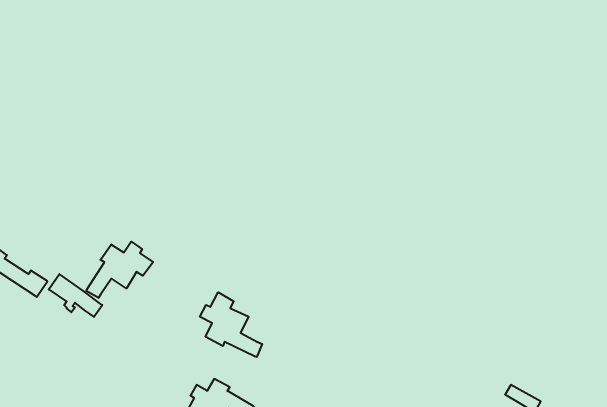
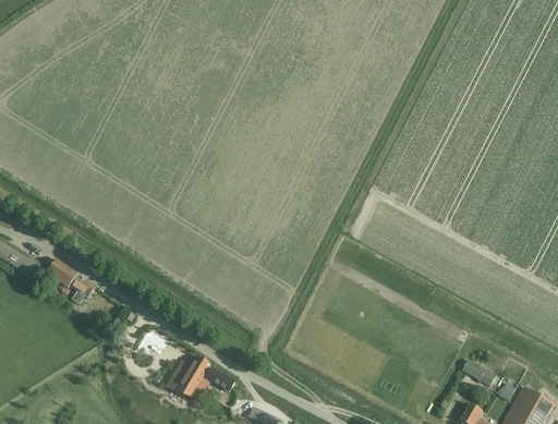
building: [86,242,153,298] -> none
building: [200,292,262,357] -> none

